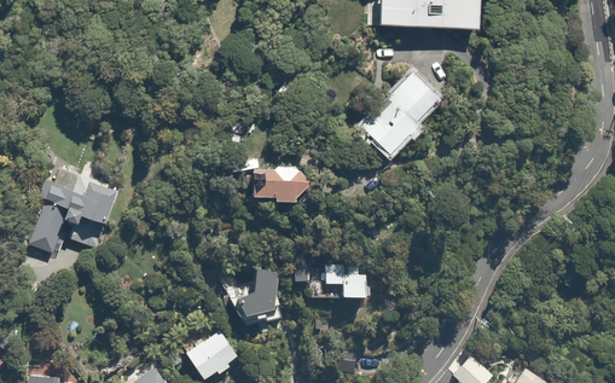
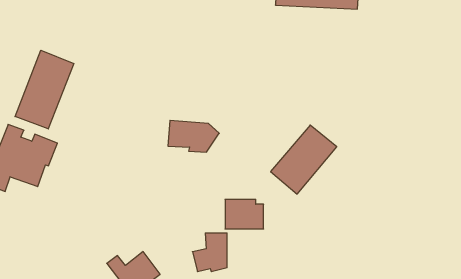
building: [359,71,440,156] -> [271,125,337,194]
building: none -> [15,50,74,129]
building: [238,277,280,324] -> [192,233,227,272]

